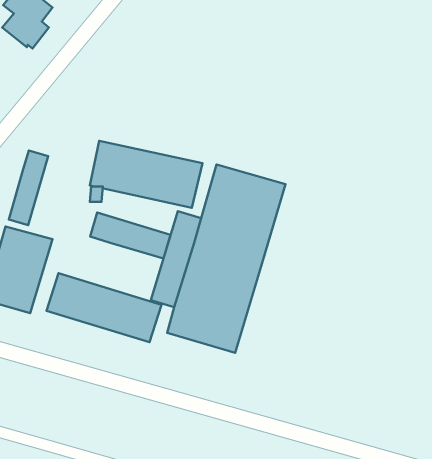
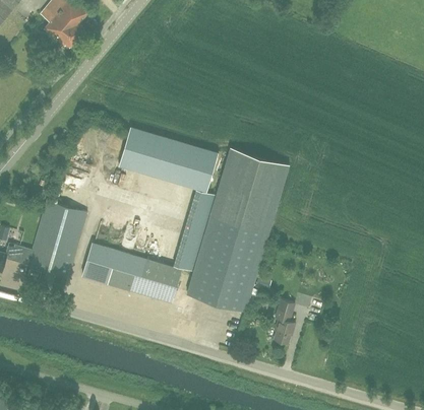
building: [9,150,48,225] -> none
building: [90,213,171,259] -> none
building: none -> [274,300,294,344]

